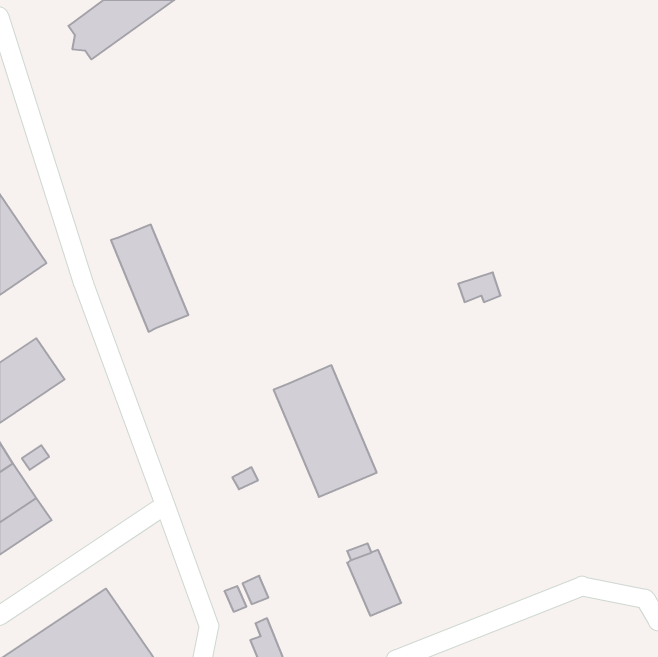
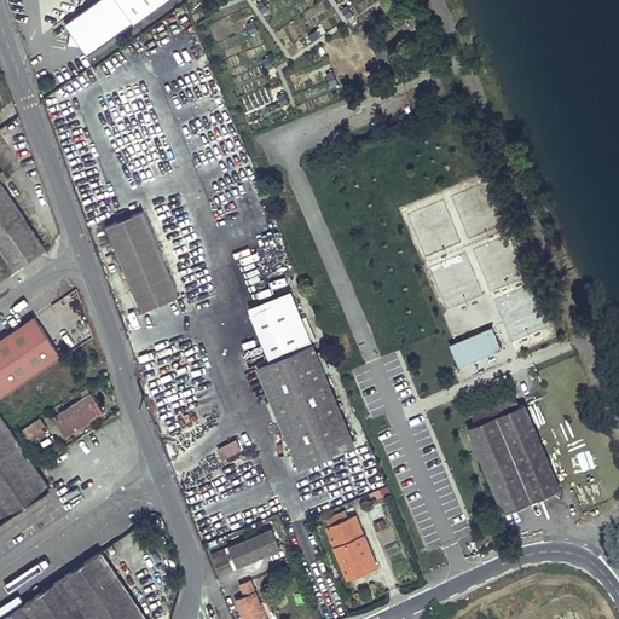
building: none -> [250,296,311,361]
building: none -> [451,328,501,365]
building: none -> [53,391,103,434]
building: none -> [469,397,559,515]
building: none -> [243,530,279,562]

